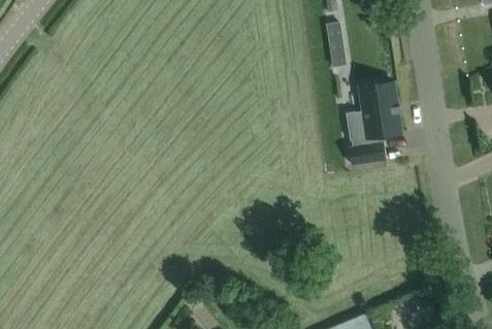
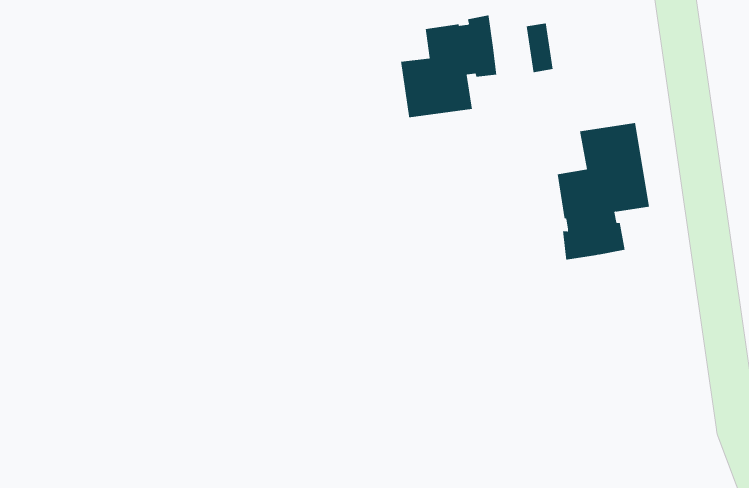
building: none -> [400,15,497,118]

